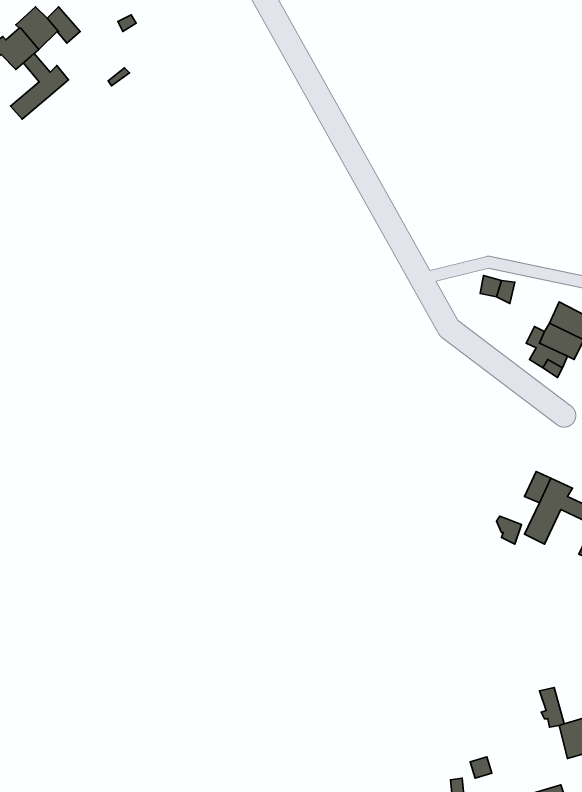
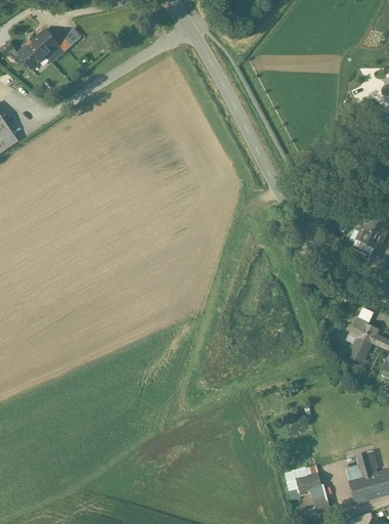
building: [11,54,69,119] -> none
building: none -> [288,471,325,497]
building: none -> [351,476,375,501]

